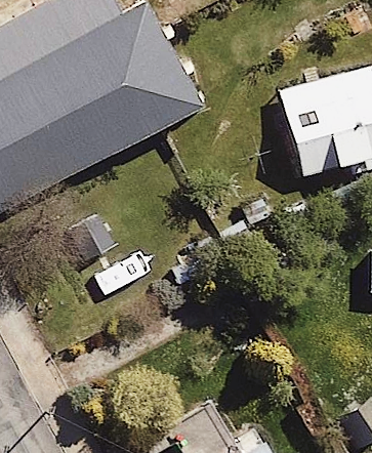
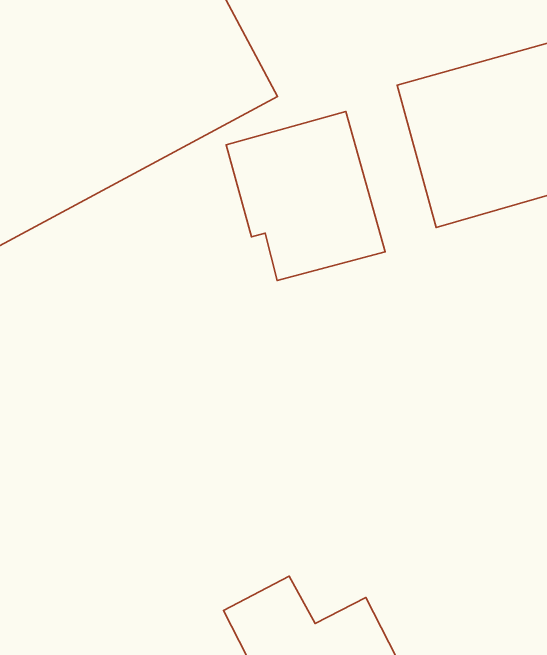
building: none -> [226,111,385,281]

